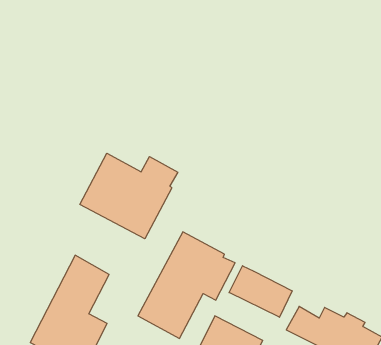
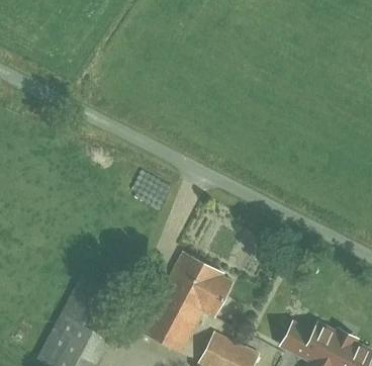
building: [80,153,178,239] -> none
building: [229,266,292,317] -> none

